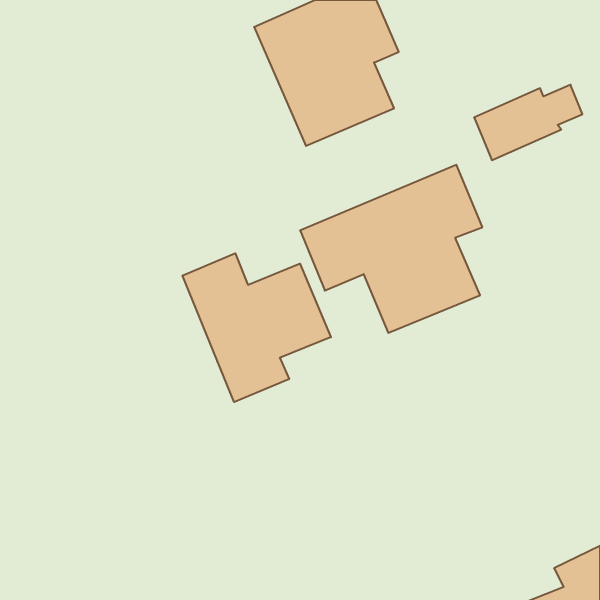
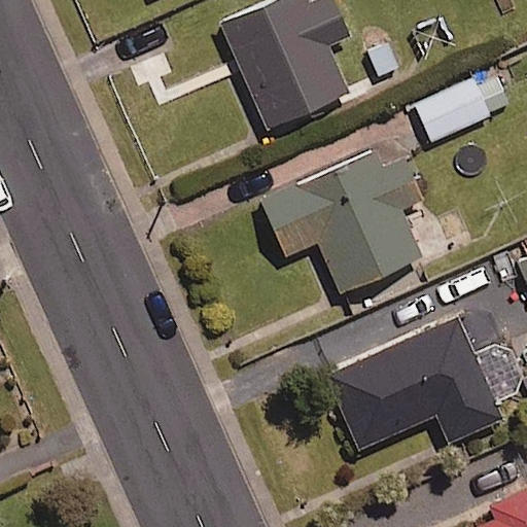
building: [183,253,331,402] -> none
building: none -> [325,316,519,450]

